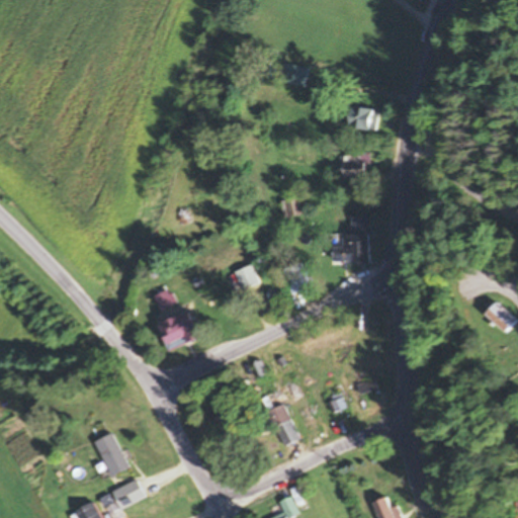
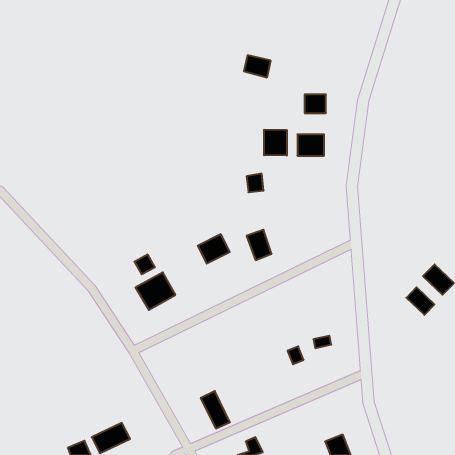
building: none -> [264,130,287,156]
building: [333,218,369,264] -> none
building: none -> [406,287,434,315]
building: [266,404,299,446] -> [201,391,230,428]
building: [95,433,131,477] -> none

